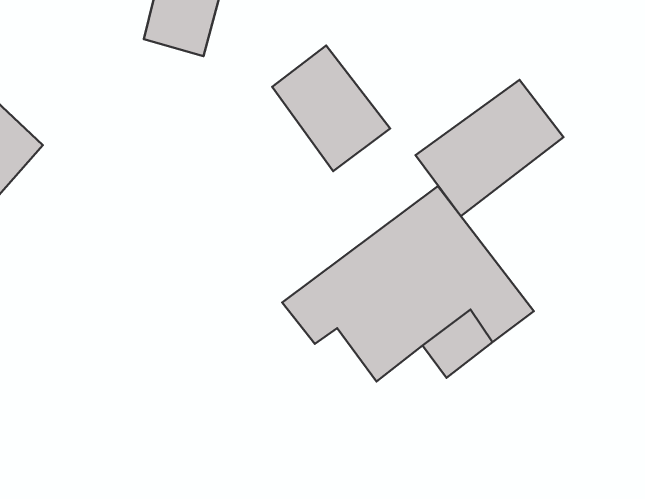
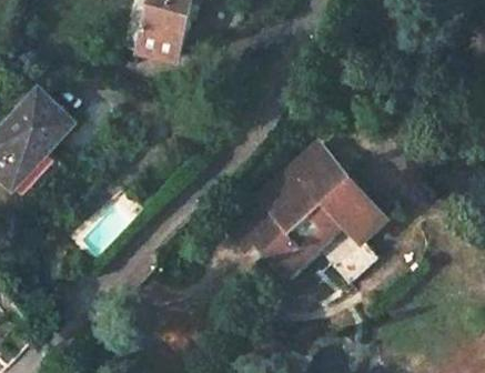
building: [272,45,390,171] -> none
building: [415,80,564,216] -> none

